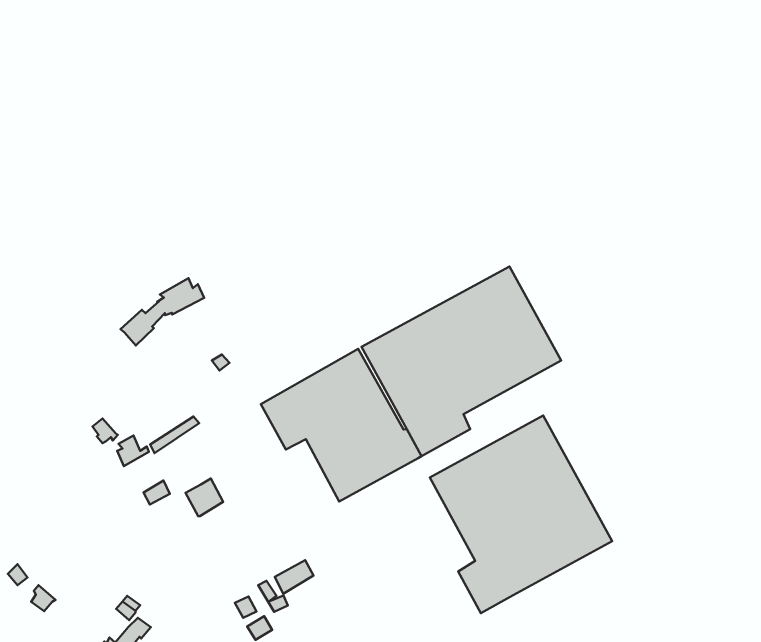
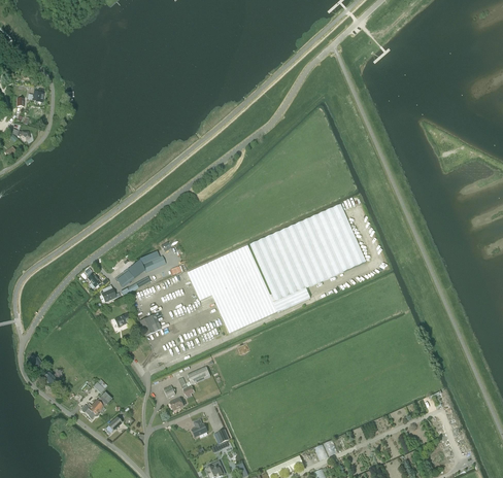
building: [121,278,204,346] -> [114,250,165,287]
building: [430,416,612,613] -> none

